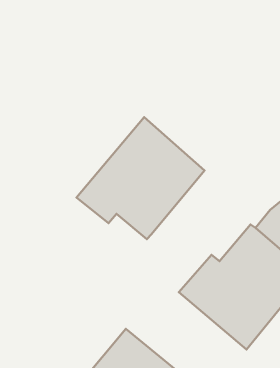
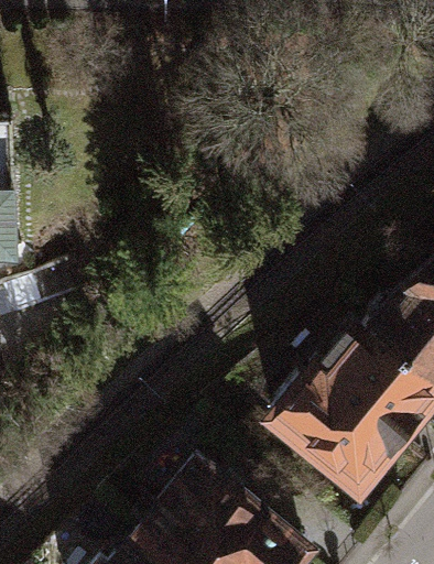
building: [77,117,205,239] -> none

